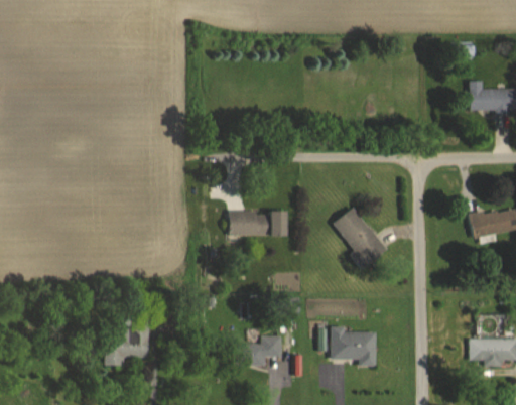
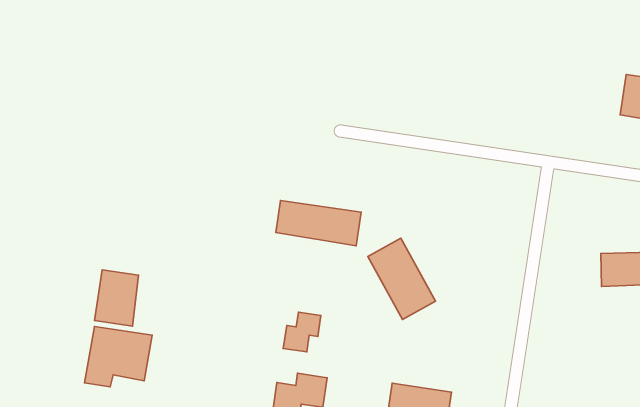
building: [332,208,386,267] -> [368,238,436,320]
building: none -> [94,270,139,326]
building: none -> [283,312,321,352]

